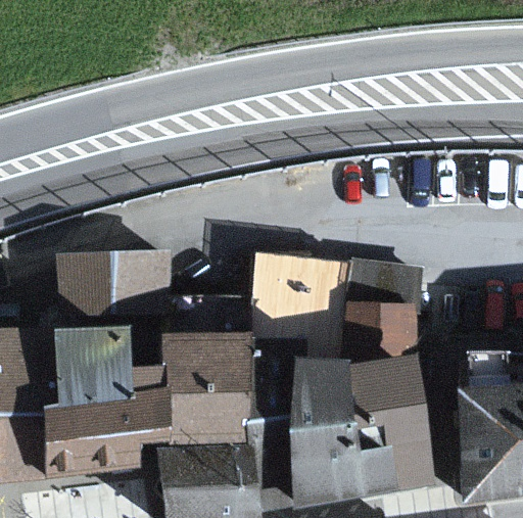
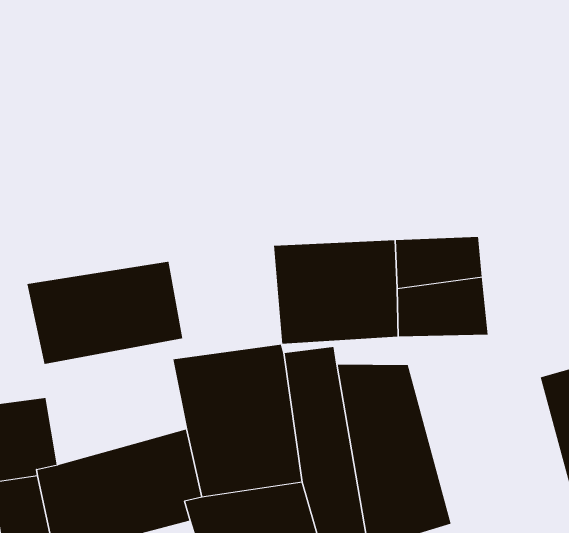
building: [57,342,132,402] -> none
building: [350,355,435,496] -> none

